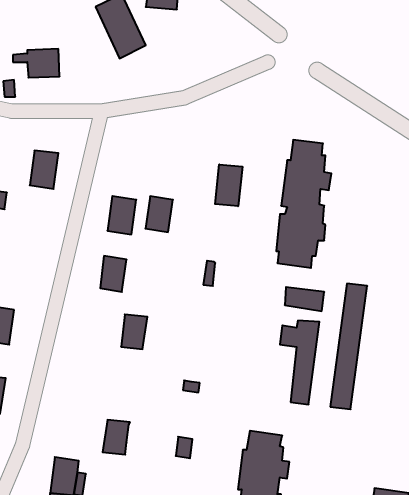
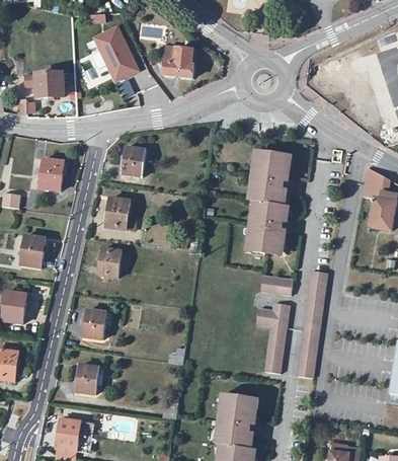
building: none -> [164,47,194,77]
building: [215,164,242,206] -> none
building: [145,196,173,232] -> [123,146,146,176]
building: none -> [20,234,46,266]
building: [121,314,147,349] -> [84,309,106,338]
building: [103,420,130,455] -> [76,364,99,393]

